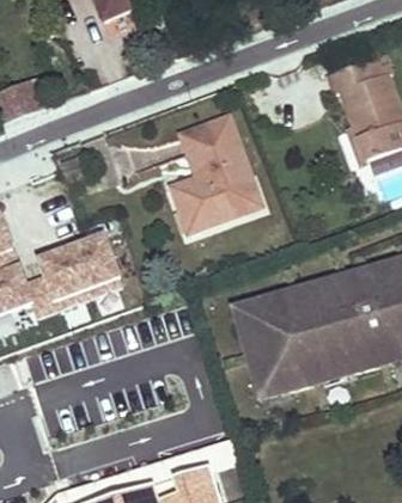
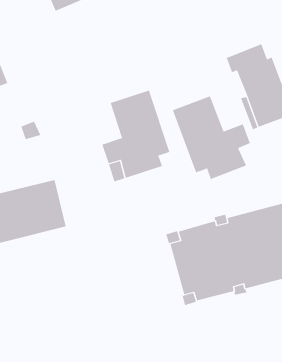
building: none -> [172,95,251,180]

